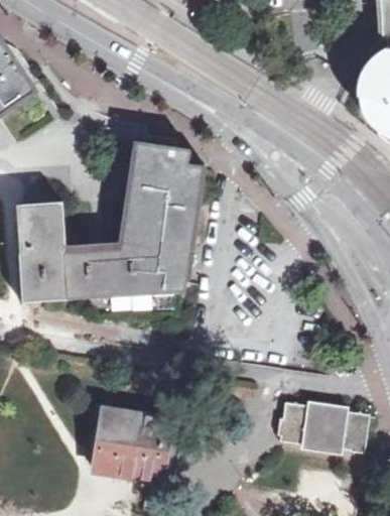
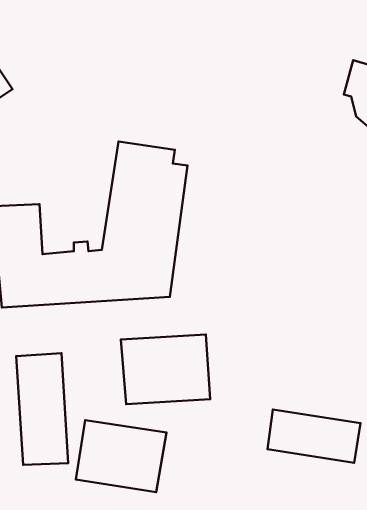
building: none -> [121,334,210,404]
building: none -> [16,353,68,465]

